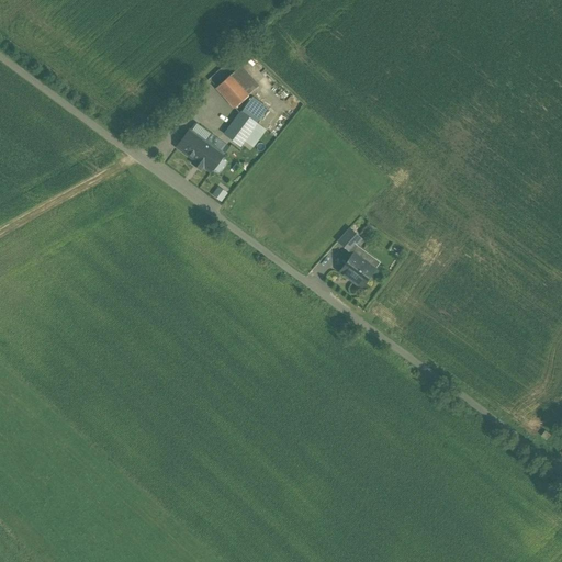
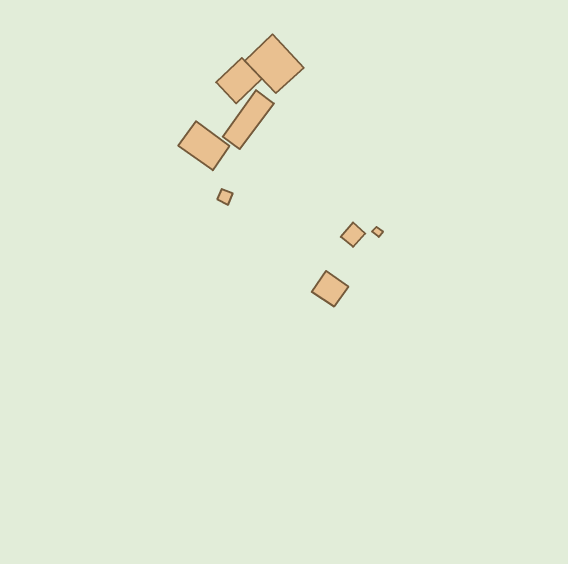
building: none -> [245,34,304,93]
building: [339,251,375,286] -> [312,271,348,306]

